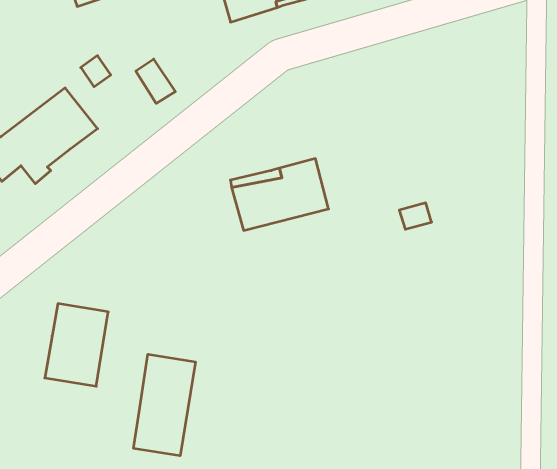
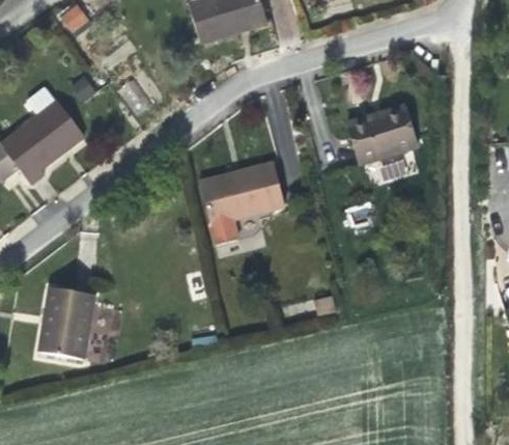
building: none -> [347,105,418,164]
building: [134,354,195,456] -> none

